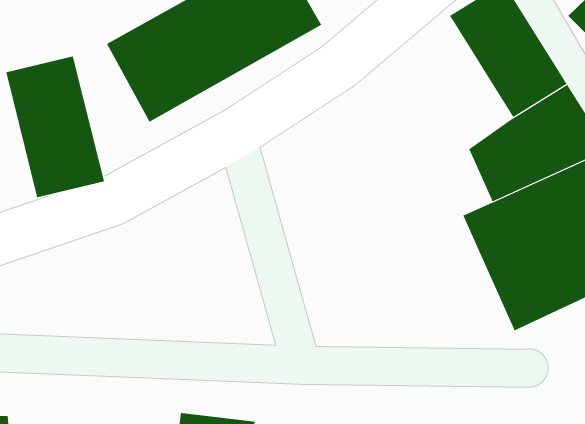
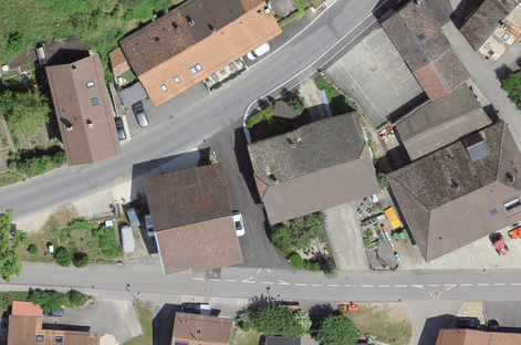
building: none -> [250,112,377,213]
building: none -> [144,165,244,272]

